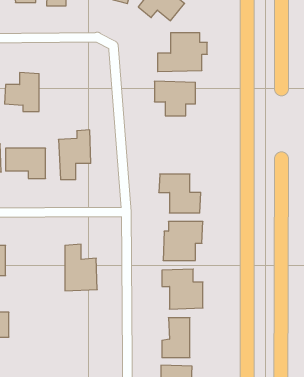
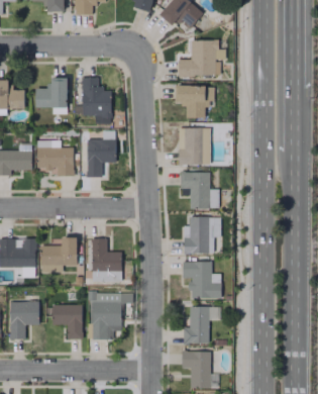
building: none -> [82,78,112,124]
building: none -> [179,128,204,166]
building: none -> [40,237,78,273]
building: none -> [90,293,132,339]
building: none -> [51,305,82,340]

